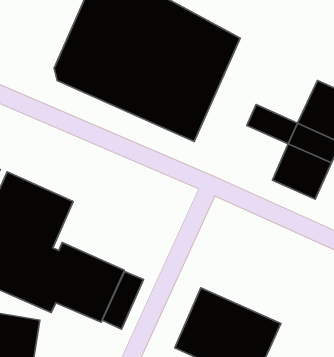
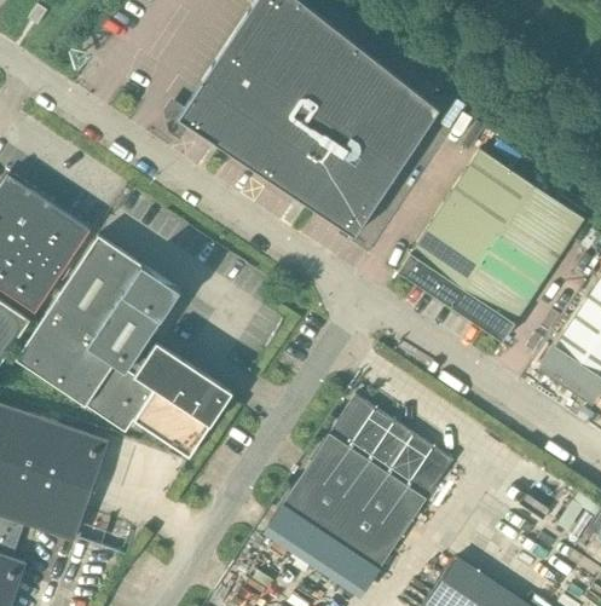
building: none -> [444,150,531,237]
building: none -> [397,229,478,307]
building: none -> [329,396,452,500]
building: [102,271,143,329] -> none

